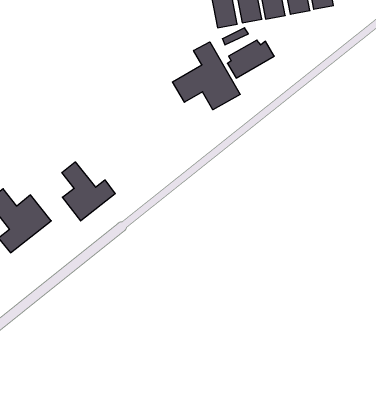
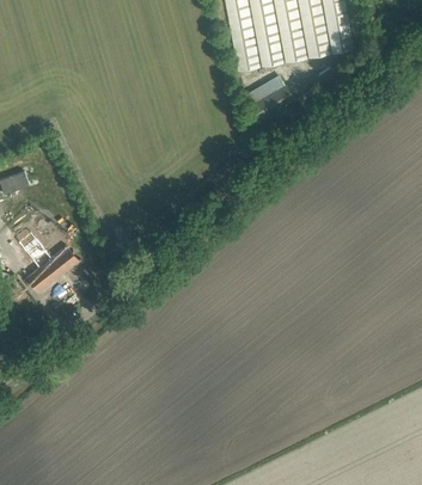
building: [172,42,240,110] -> none
building: [62,162,115,221] -> none

